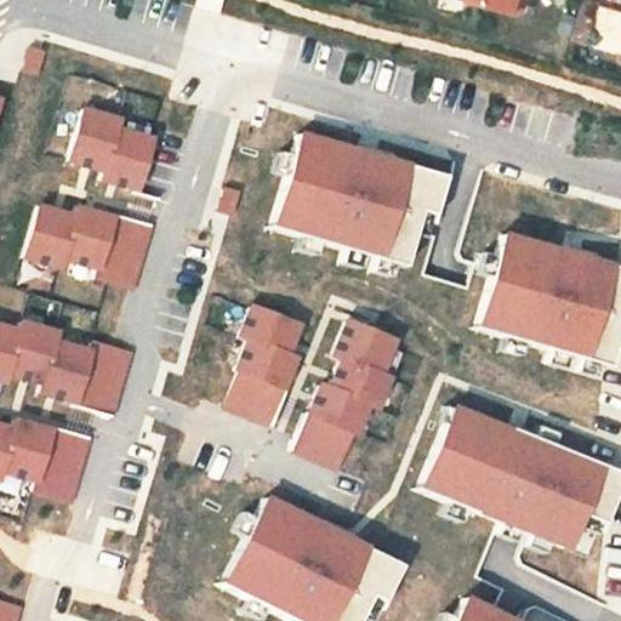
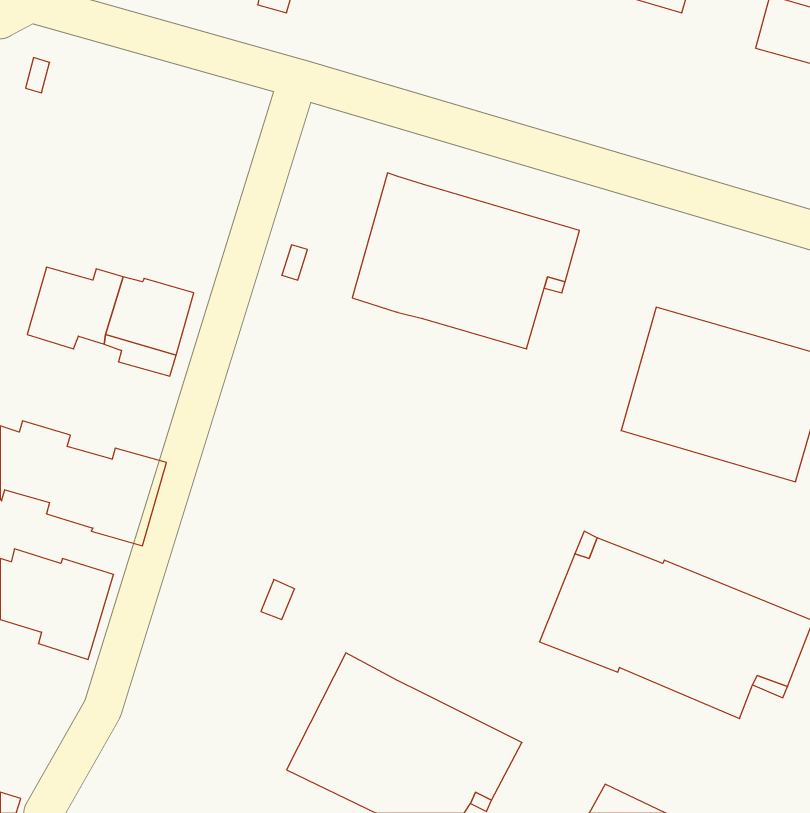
building: [70,106,154,187] -> none
building: [228,296,314,423] -> none
building: [296,308,414,469] -> none

